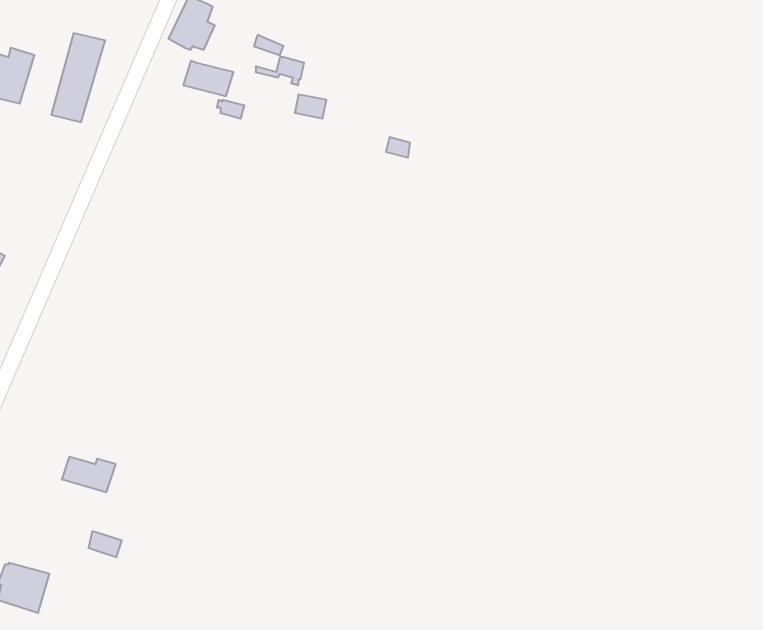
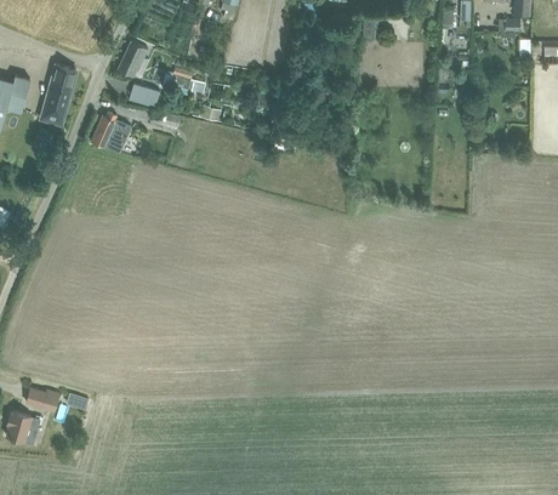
building: none -> [91,112,132,154]
building: [62,457,116,492] -> [25,388,61,411]

